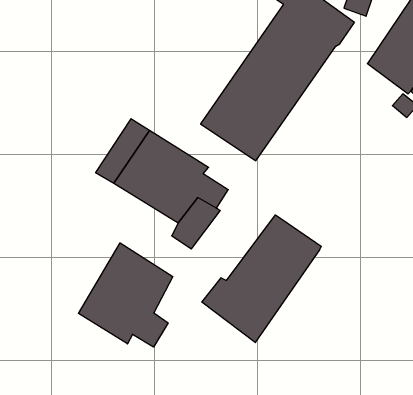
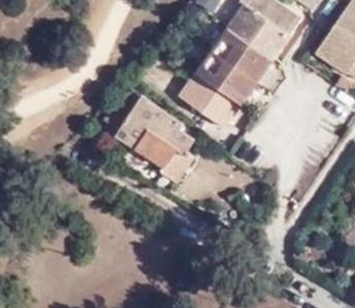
building: [202,215,321,343] -> none
building: [79,243,173,347] -> none

